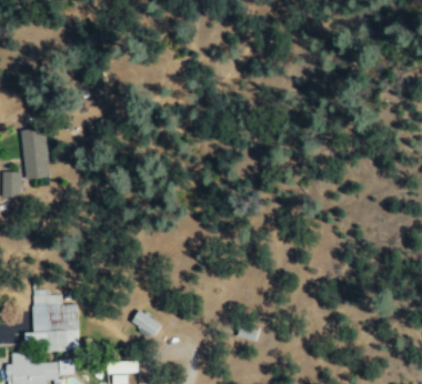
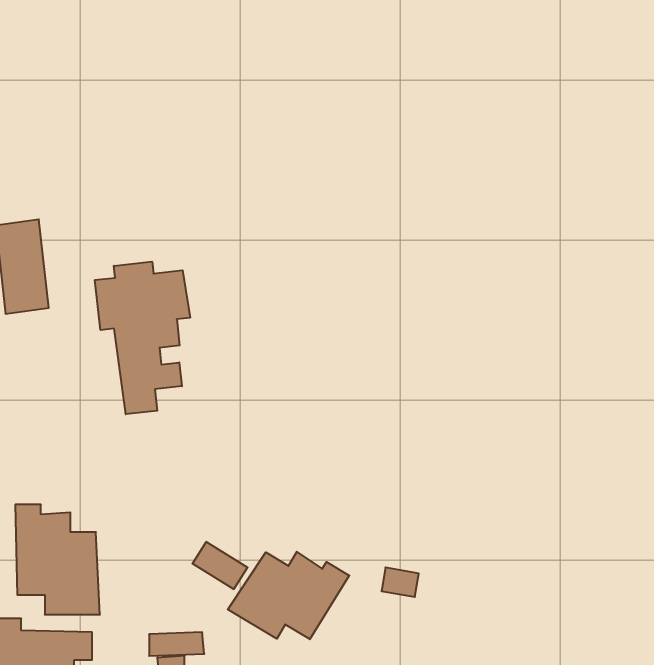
building: none -> [95,262,190,414]
building: none -> [228,552,349,639]

